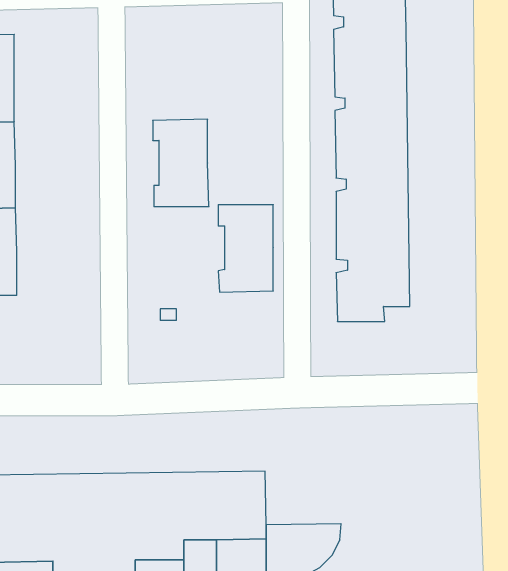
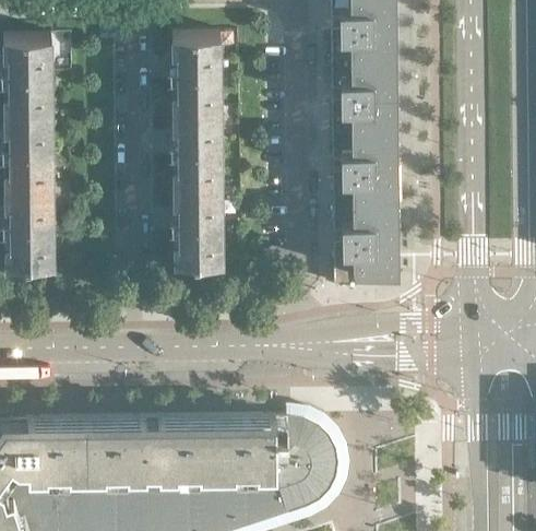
building: none -> [174,34,222,110]
building: [218,205,273,292] -> [175,186,223,262]
building: none -> [272,417,338,464]

